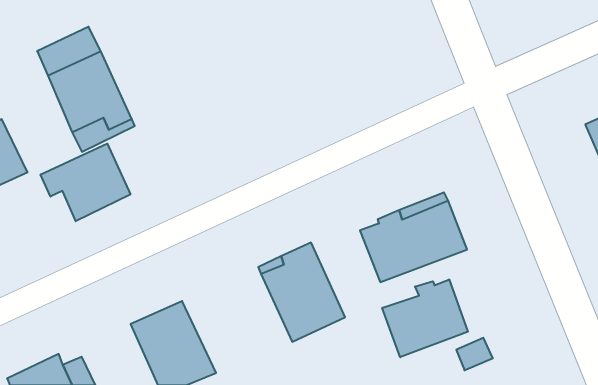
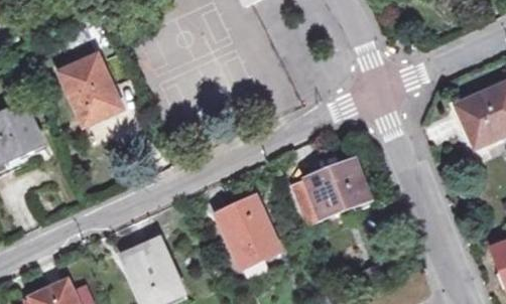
building: [41,144,130,221] -> none
building: [382,279,468,357] -> none

